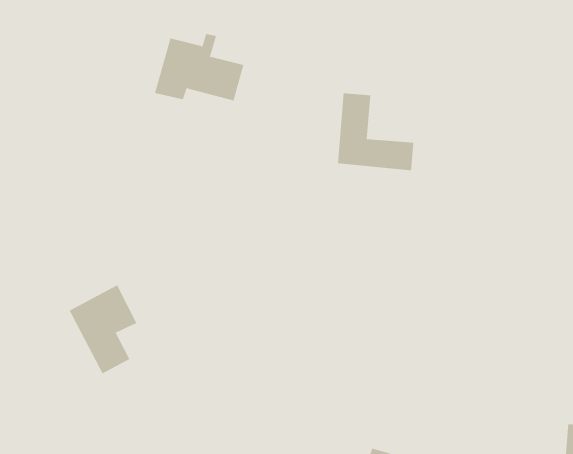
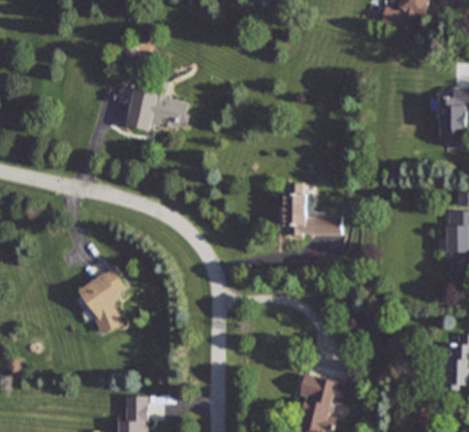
building: [337,93,414,171] -> [283,182,338,235]

